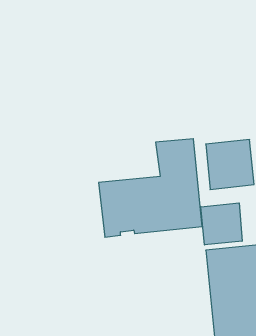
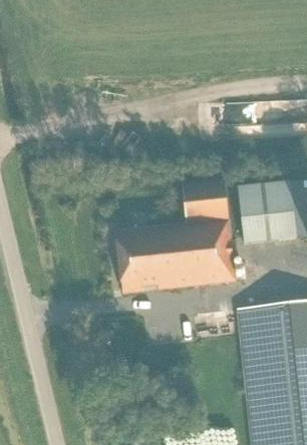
building: [201,203,242,245] -> none

